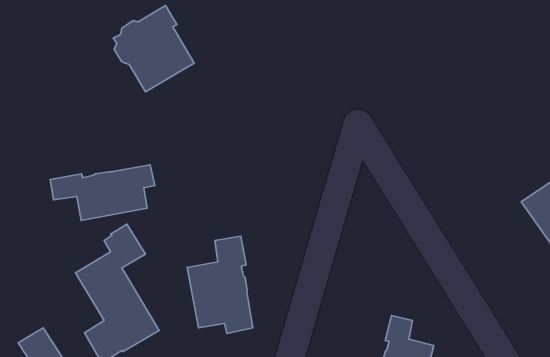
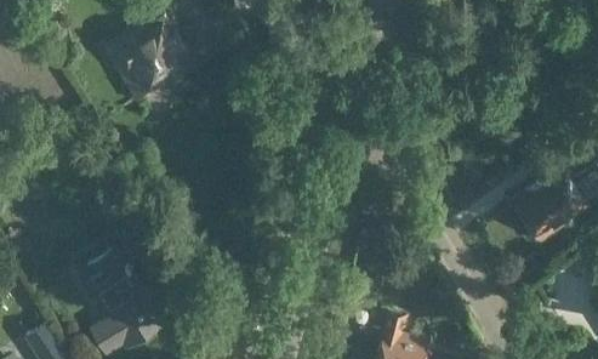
building: [50,165,155,221] -> none
building: [187,236,253,333] -> none

